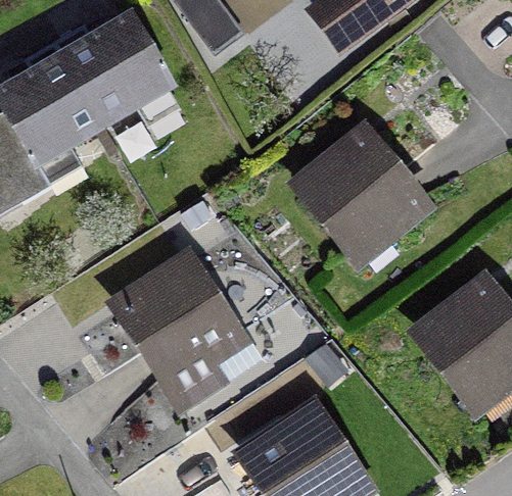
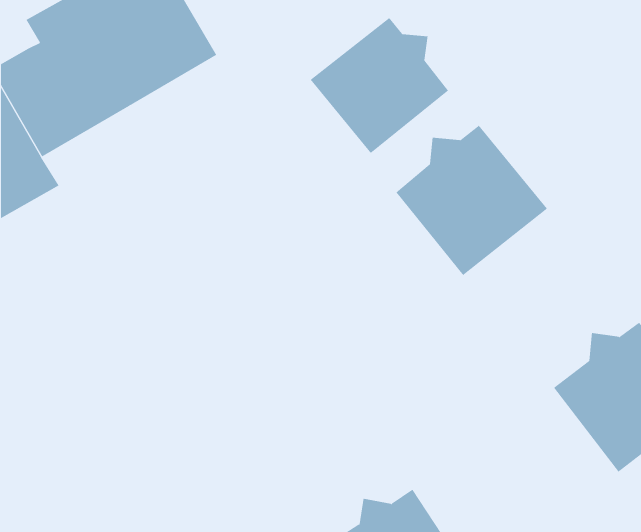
building: none -> [310,17,449,154]
building: [122,267,235,405] -> none

